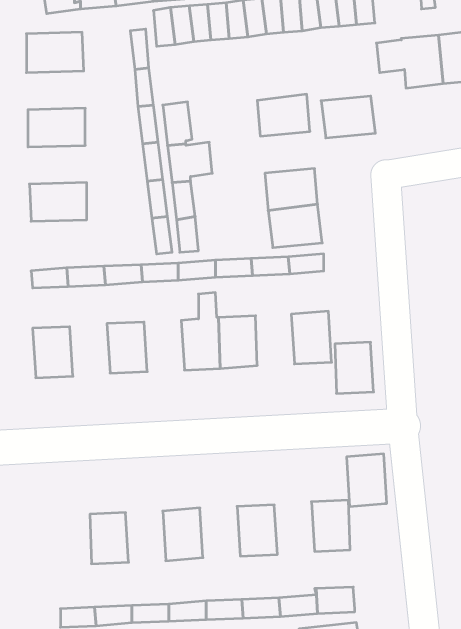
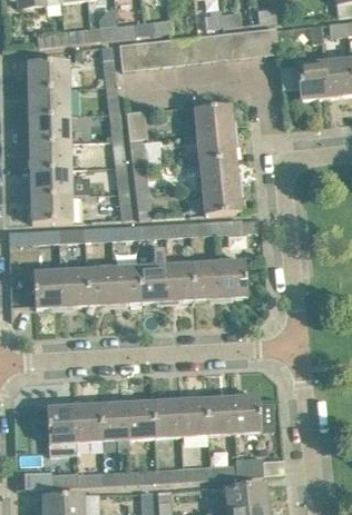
building: none -> [28,88,70,116]
building: [321,96,375,138] -> [196,131,235,161]
building: none -> [29,141,71,169]
building: none -> [31,195,72,224]
building: none -> [113,267,141,304]
building: none -> [59,269,88,307]
building: [335,342,374,393] -> [193,263,221,299]
building: [347,454,387,507] -> [206,397,235,435]
building: none -> [153,400,182,437]
building: none -> [99,404,128,440]
building: none -> [47,406,76,456]

